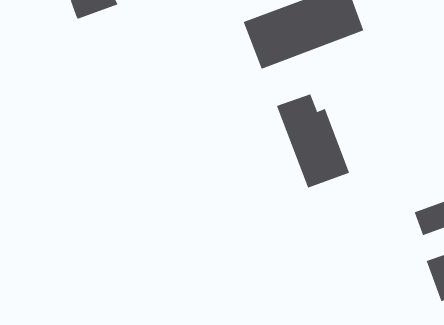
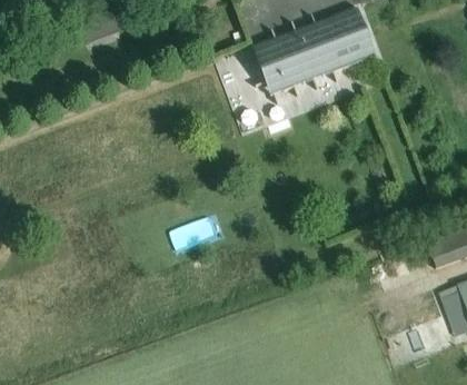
building: [276,93,350,189] -> none

